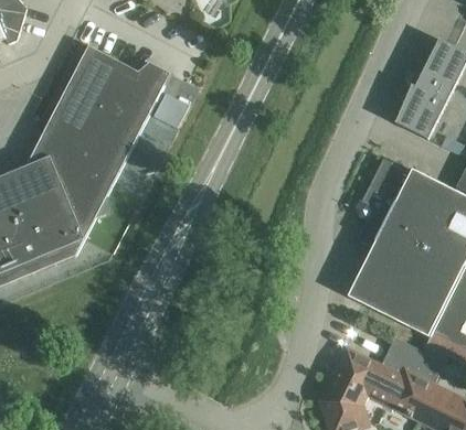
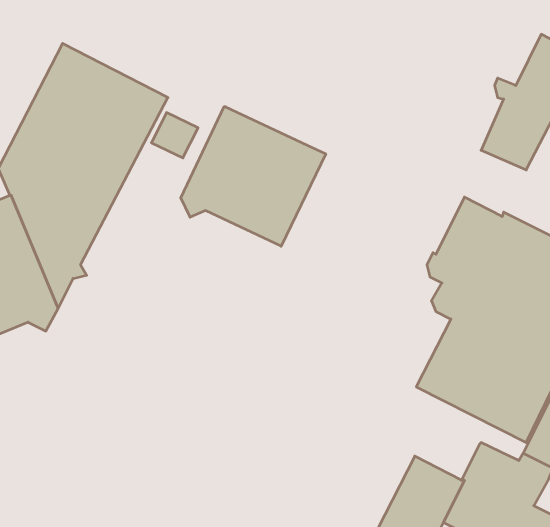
building: none -> [181,107,326,246]

